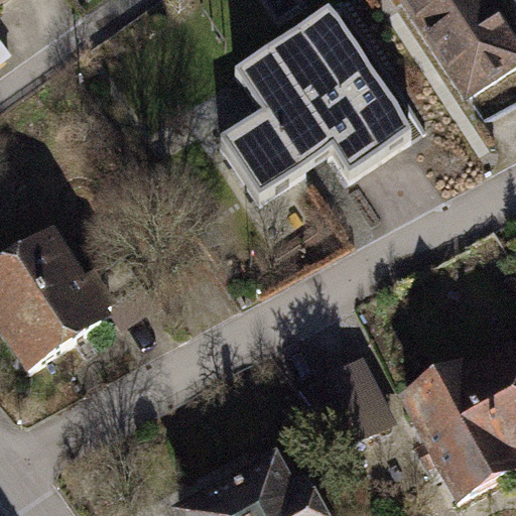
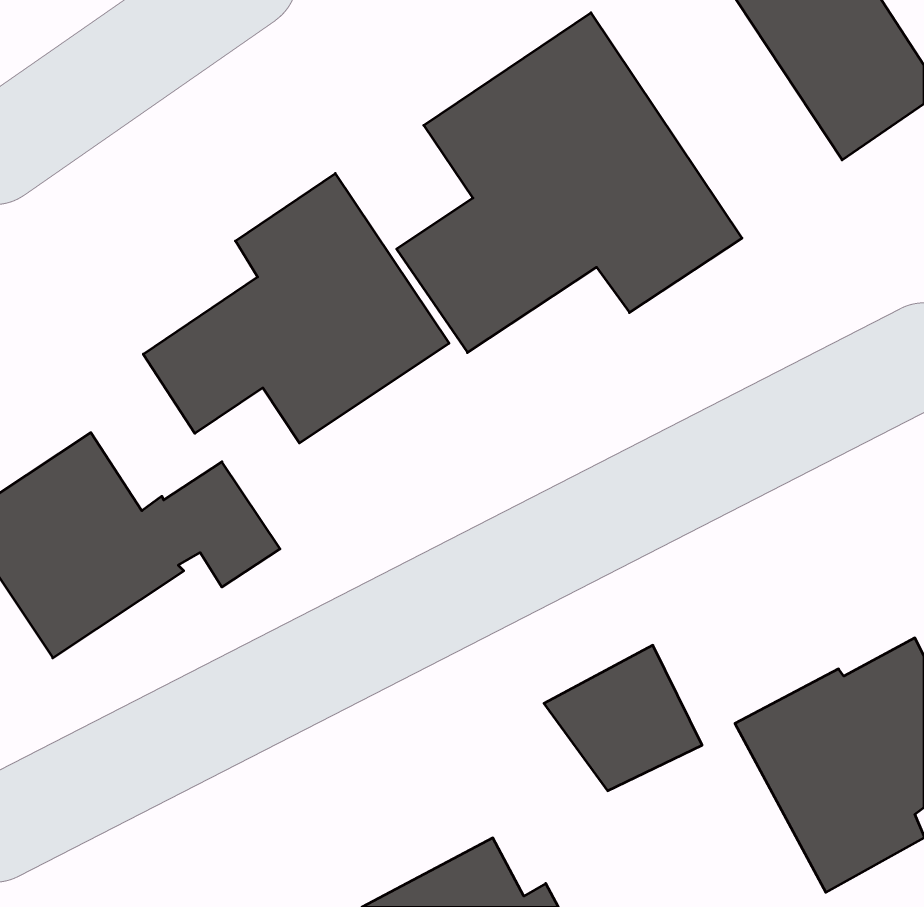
building: none -> [143,173,449,443]

